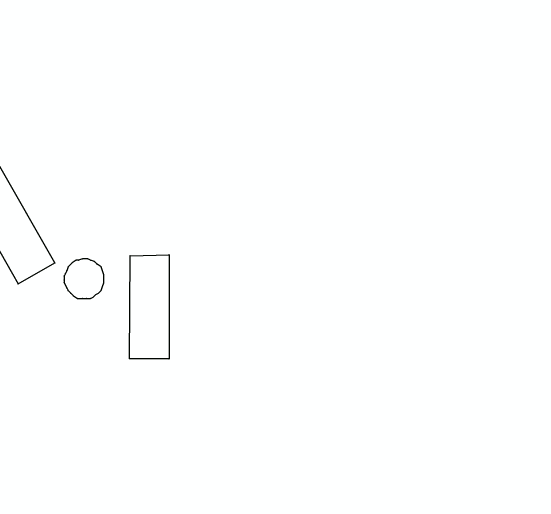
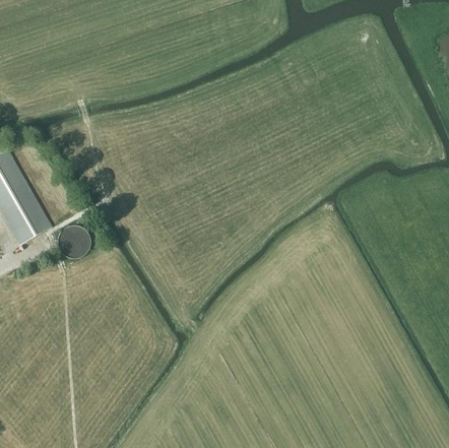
building: [129,255,169,359] -> none

